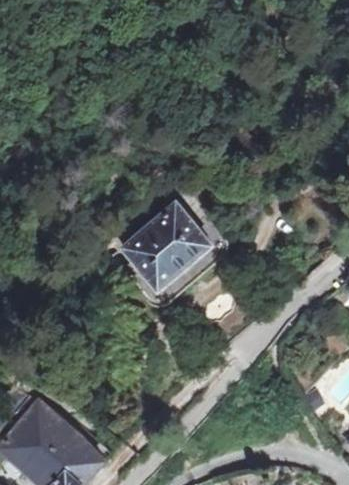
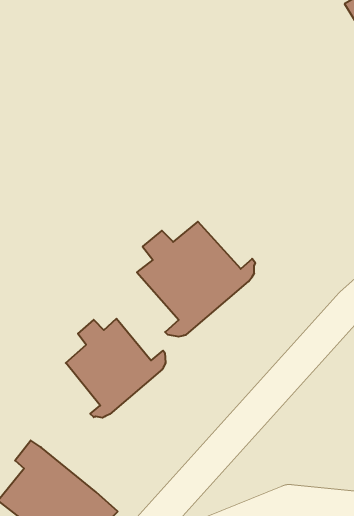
building: none -> [66,319,165,418]

